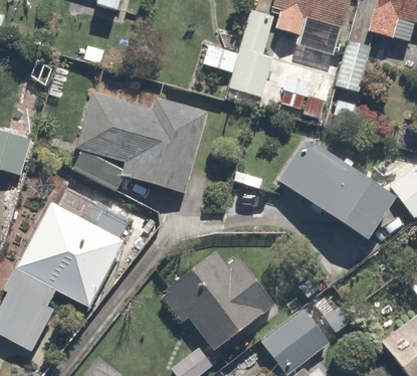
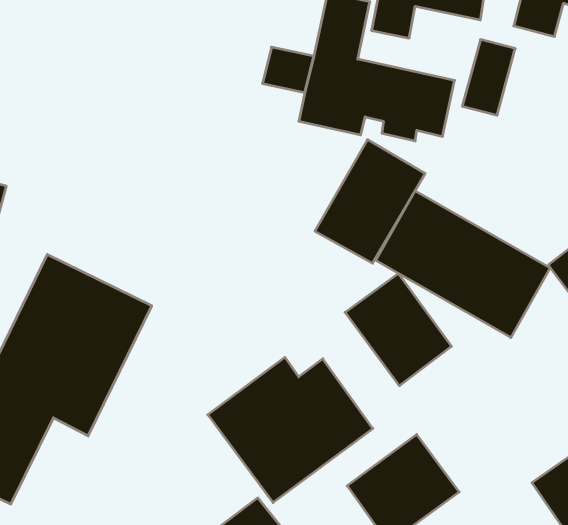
building: [70,90,205,192] -> none
building: none -> [315,140,425,263]
building: none -> [345,274,451,386]

